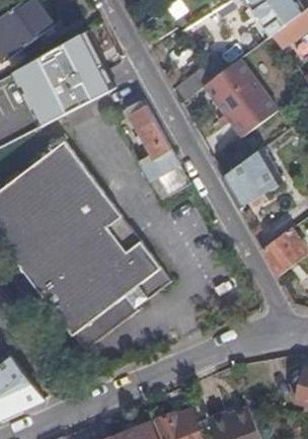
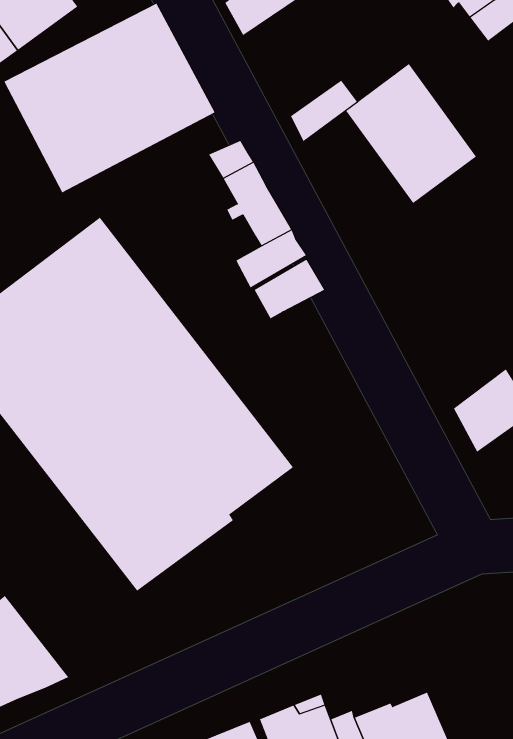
building: [220,146,280,205] -> none

